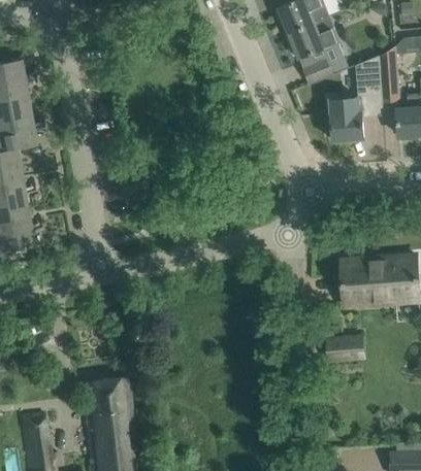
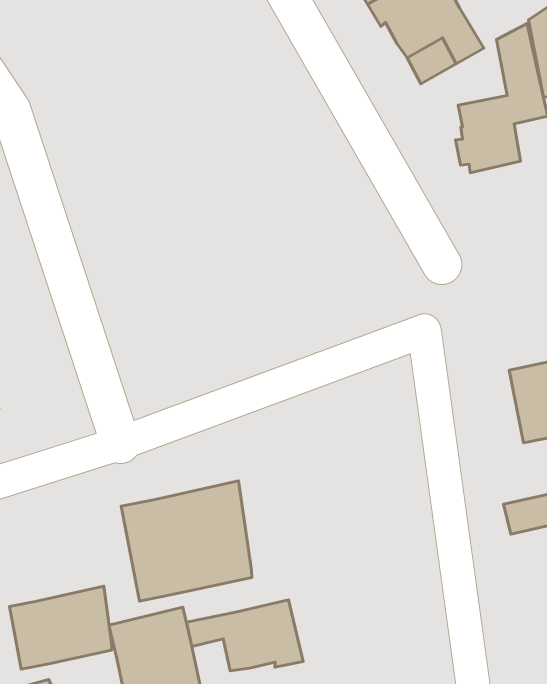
building: none -> [121,481,252,601]
building: none -> [9,586,112,669]
building: none -> [186,600,303,671]

